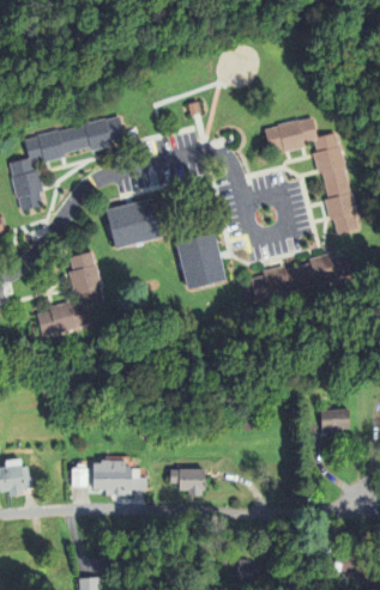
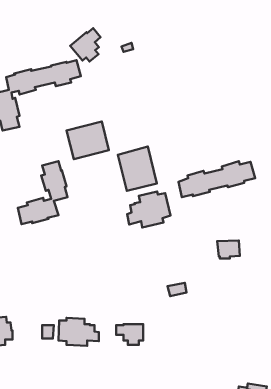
building: none -> [70,28,101,61]
building: [264,117,358,232] -> none
building: none -> [127,191,171,227]
building: [318,409,348,433] -> [217,240,240,258]

